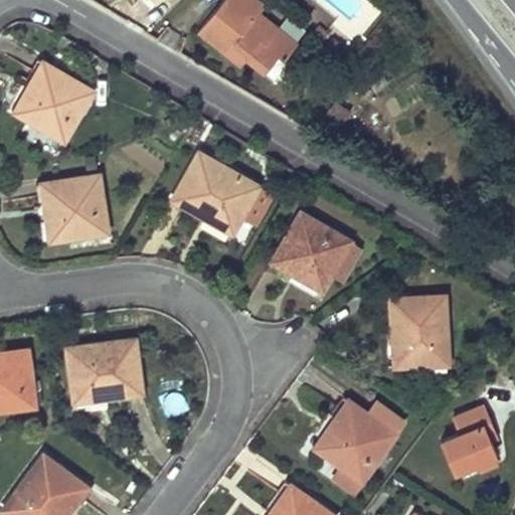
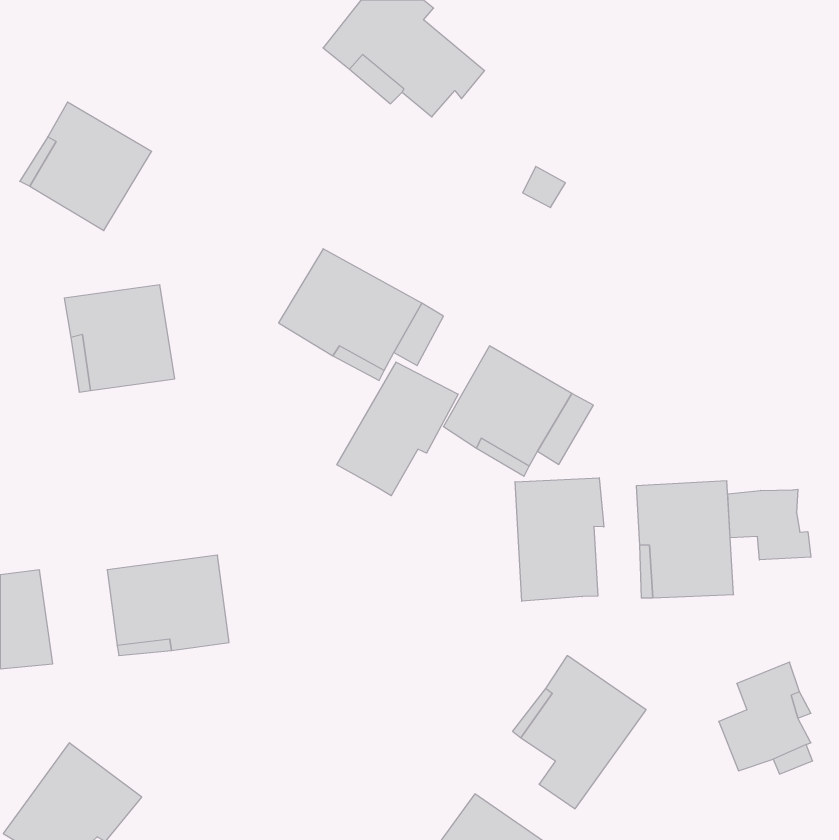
building: none -> [337,362,458,496]
building: none -> [515,478,604,601]
building: none -> [728,489,811,560]

